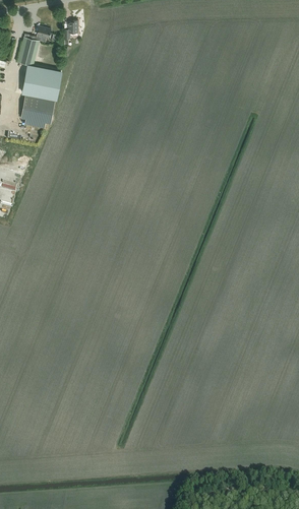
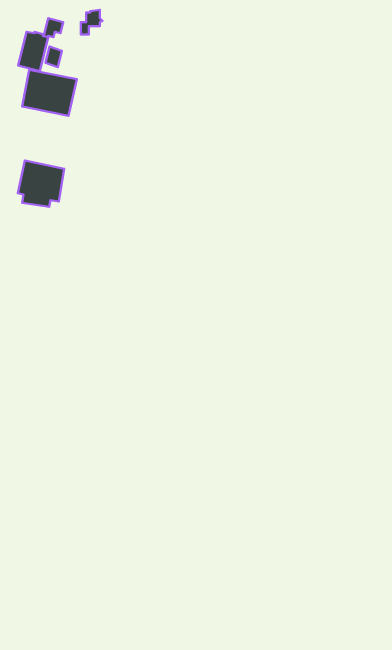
building: [20,92,55,127] -> [18,161,64,207]

